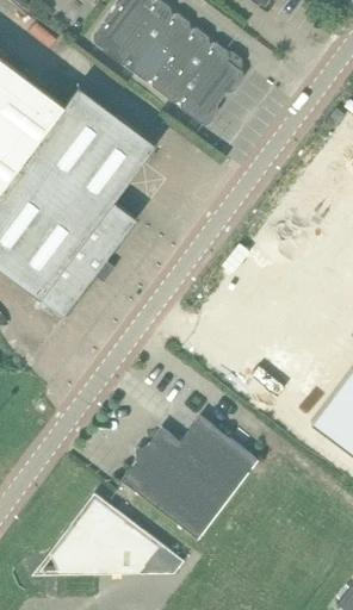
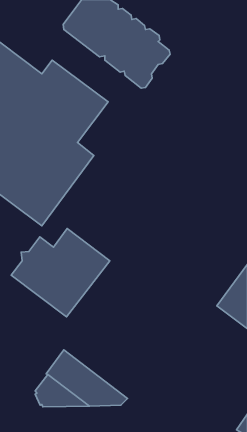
building: [120,416,259,540] -> [11,228,110,317]

